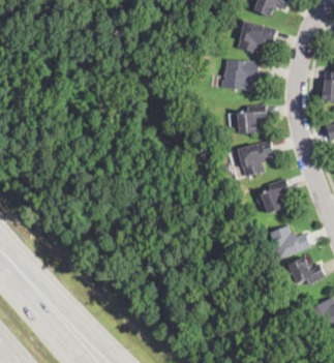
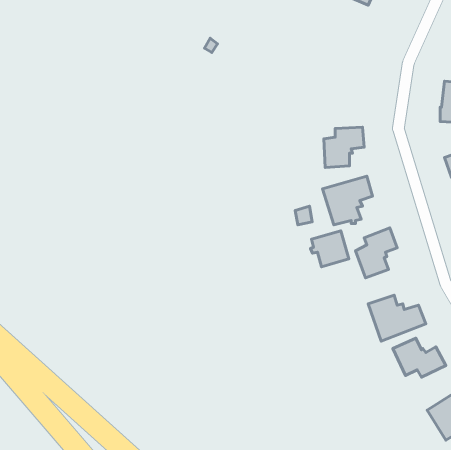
building: [237,20,276,53] -> none
building: [221,58,259,90] -> none
building: none -> [311,231,349,267]

